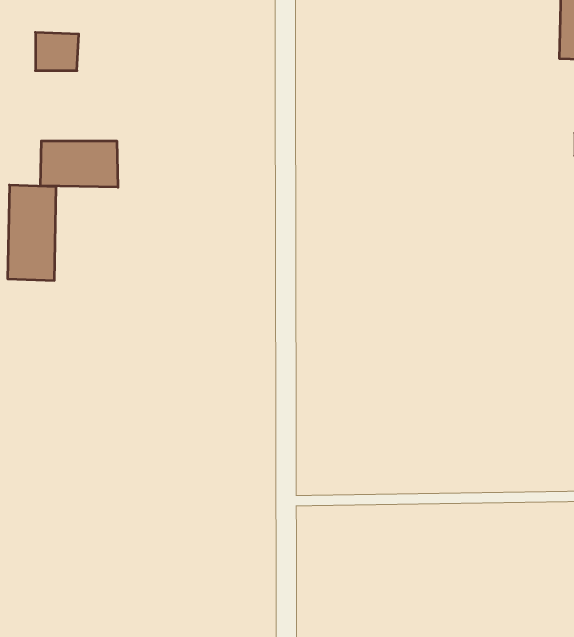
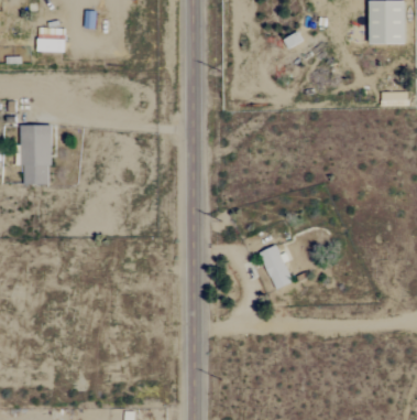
building: [41,141,118,187] -> none
building: none -> [261,246,292,289]

